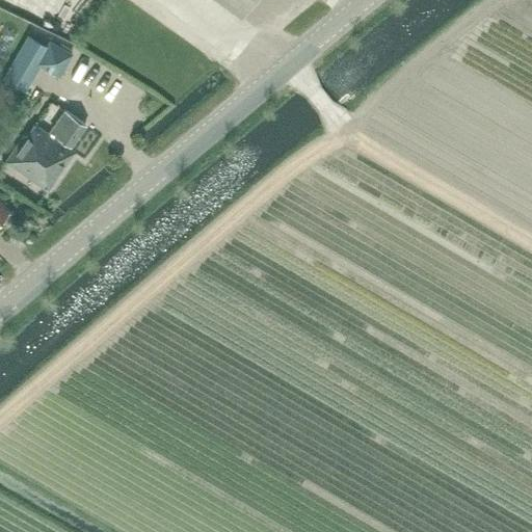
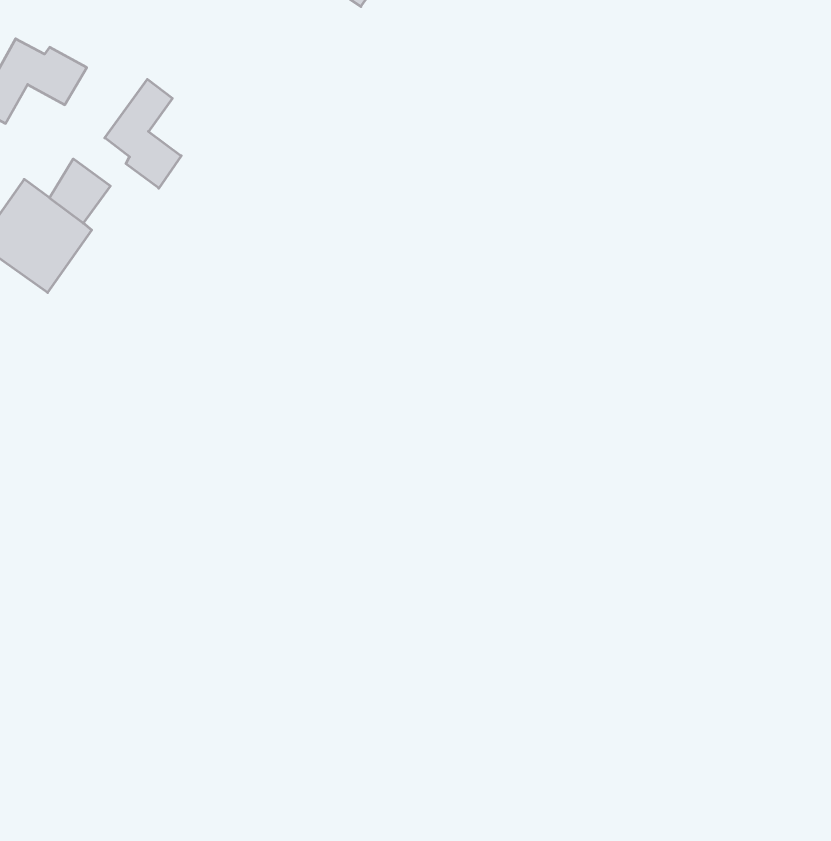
building: none -> [105,79,181,188]

